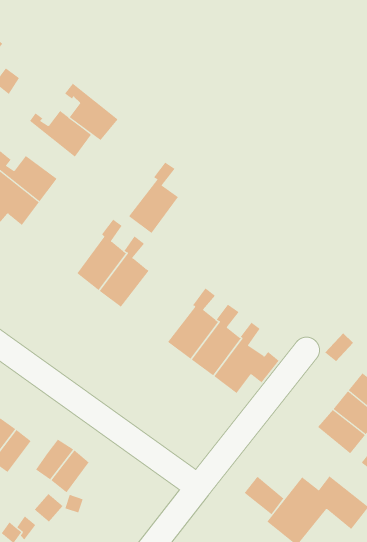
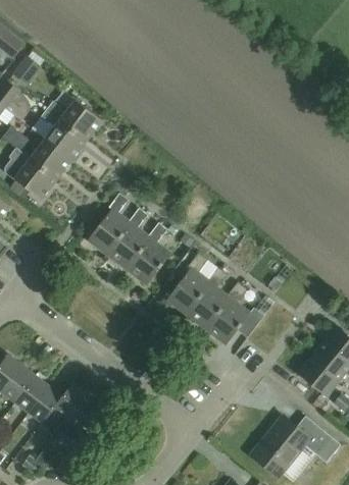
building: [64,83,118,141] -> [40,109,87,159]
building: [128,162,179,234] -> [127,223,170,285]
building: none -> [29,385,62,423]
building: [244,476,284,515] -> none

